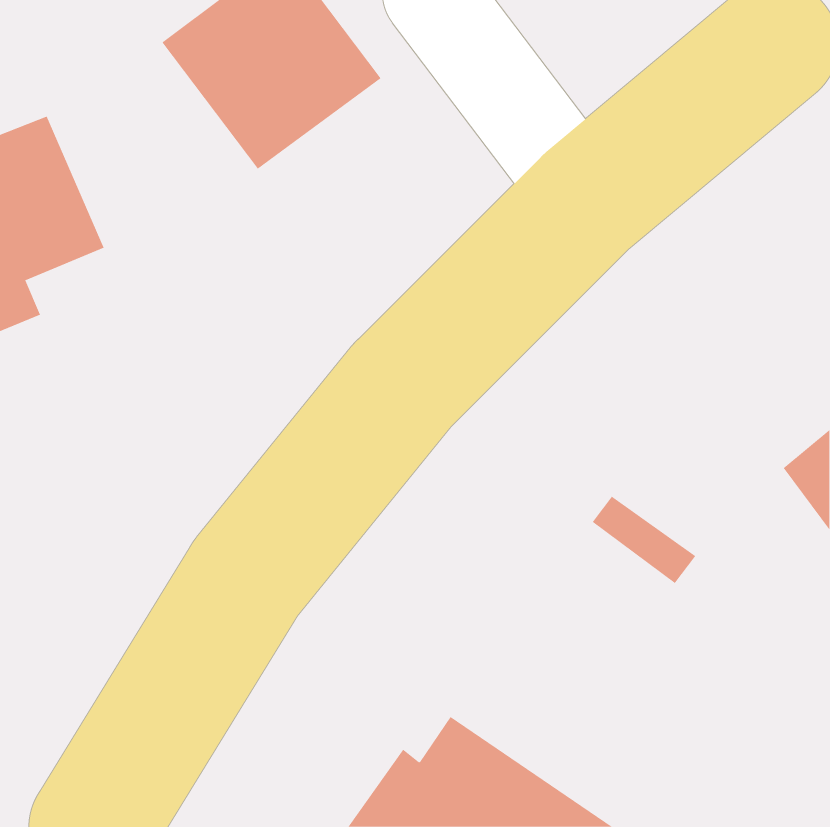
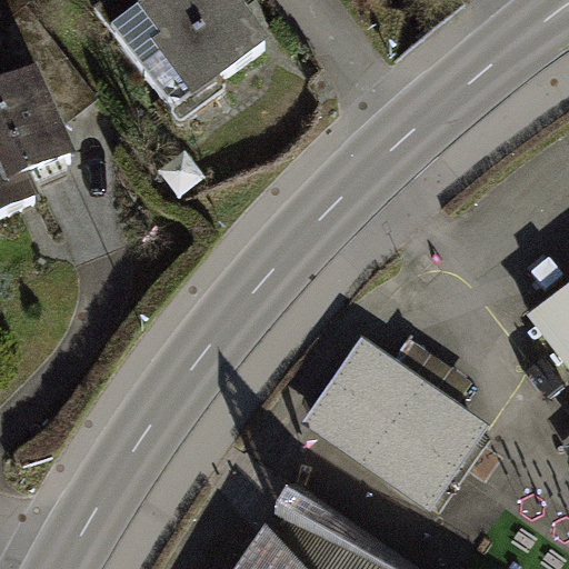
building: none -> [319,353,478,502]

